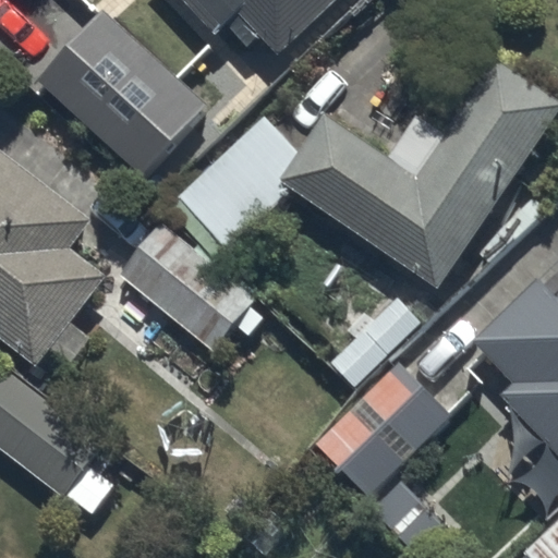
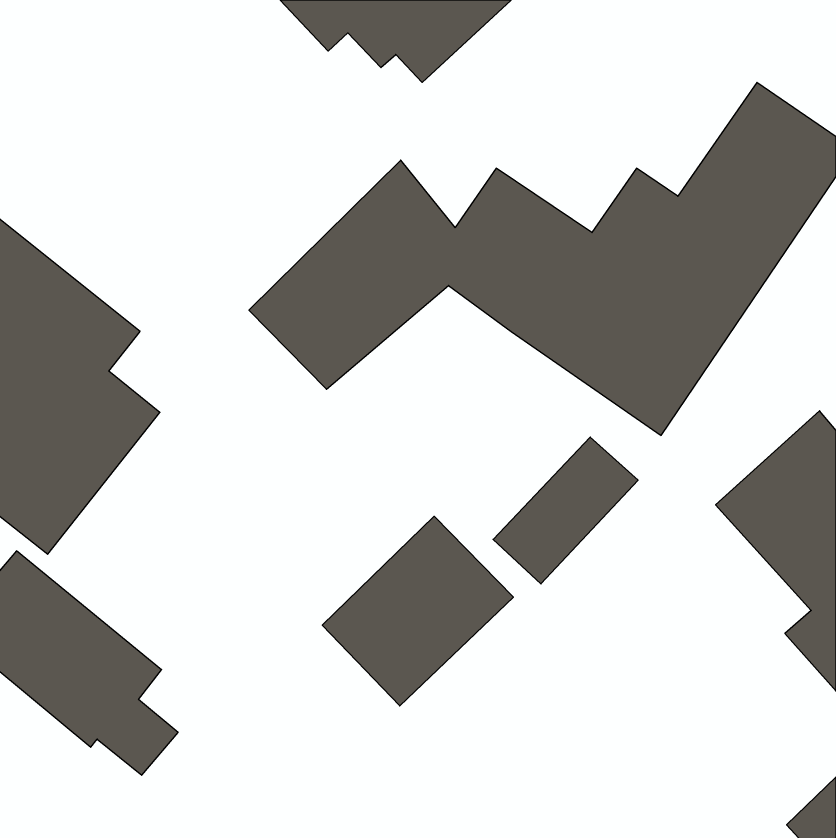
building: [40,11,207,175] -> none
building: [114,222,256,355] -> none
building: [320,365,447,490] -> [322,516,513,706]

